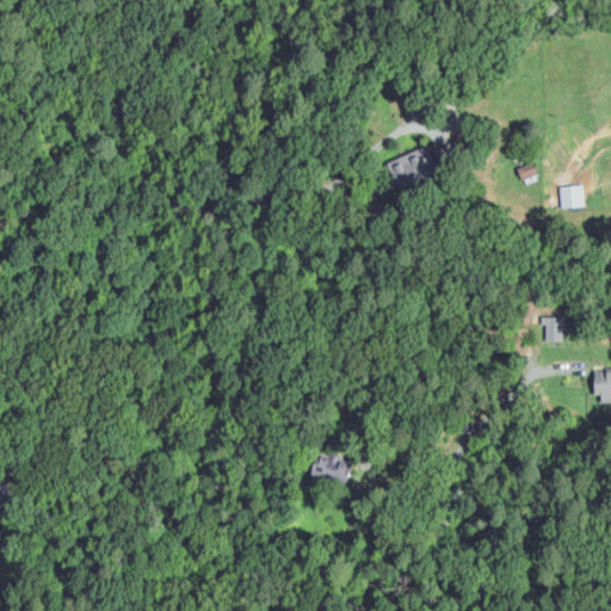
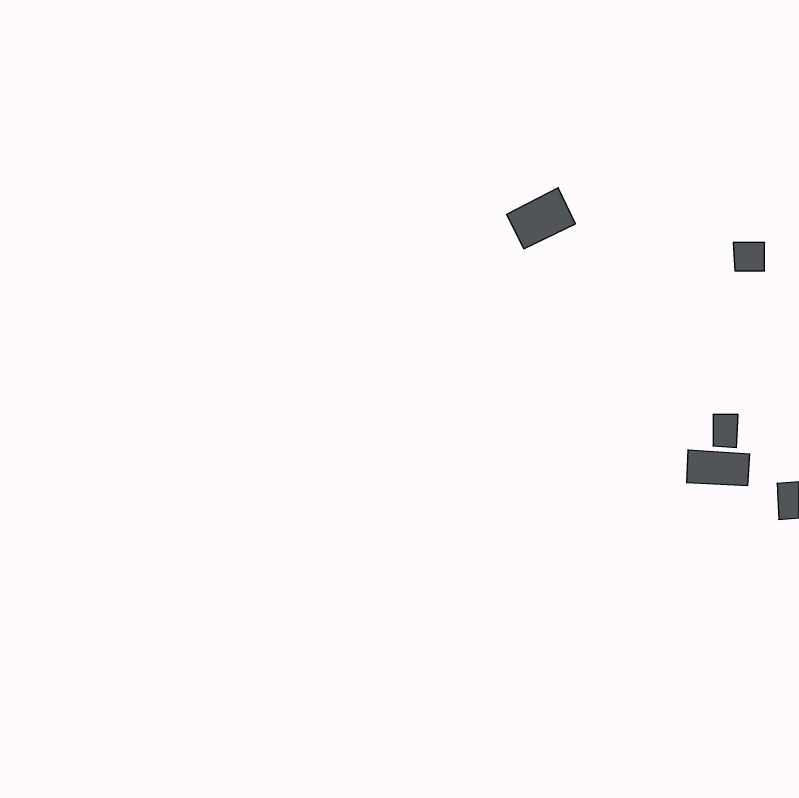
building: none -> [687,450,750,486]
building: [314,457,351,482] -> none

